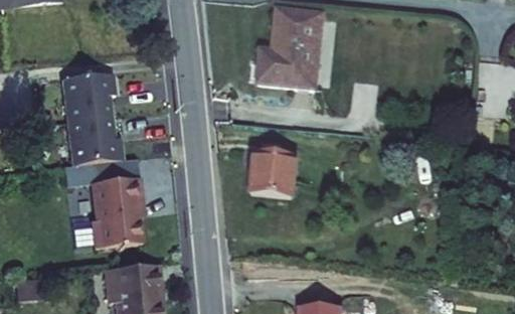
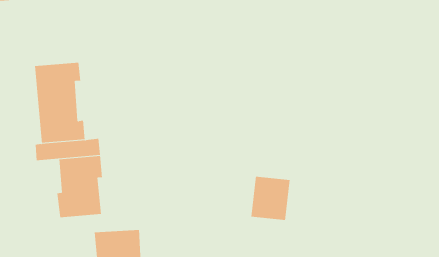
building: [261,11,324,90] -> none
building: [251,148,296,197] -> [251,176,290,221]

